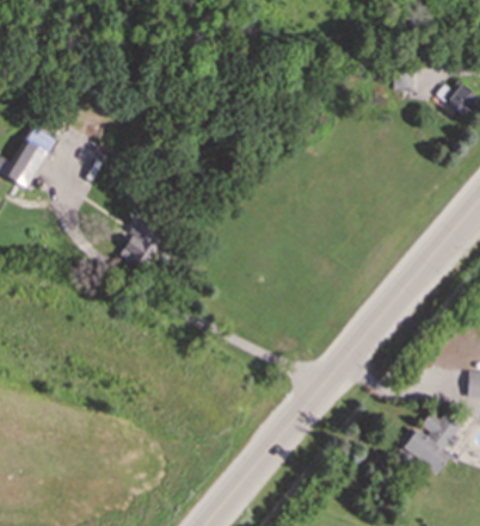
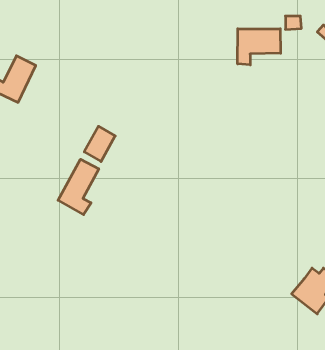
building: none -> [238,29,281,65]
building: none -> [58,159,99,215]

